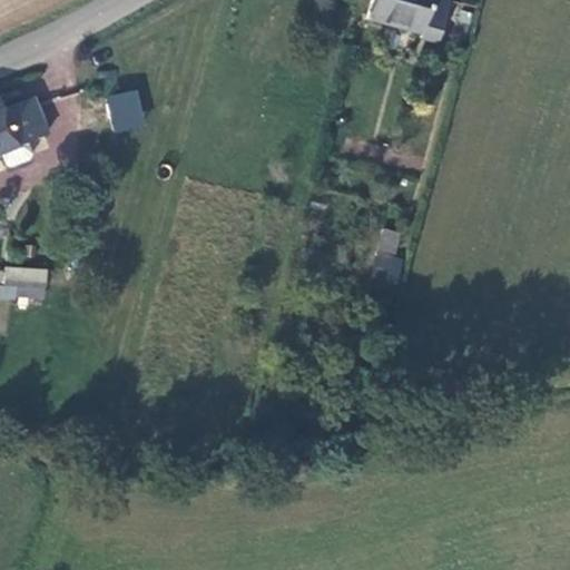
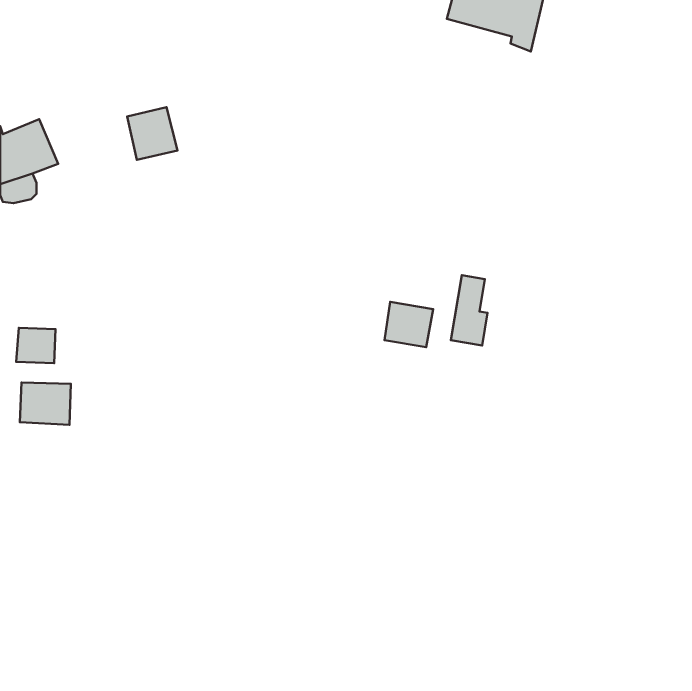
building: none -> [384,302,433,347]
building: none -> [20,383,71,425]

